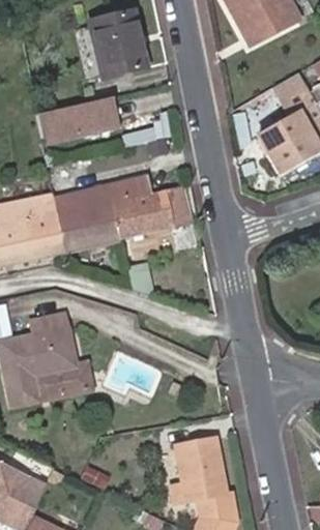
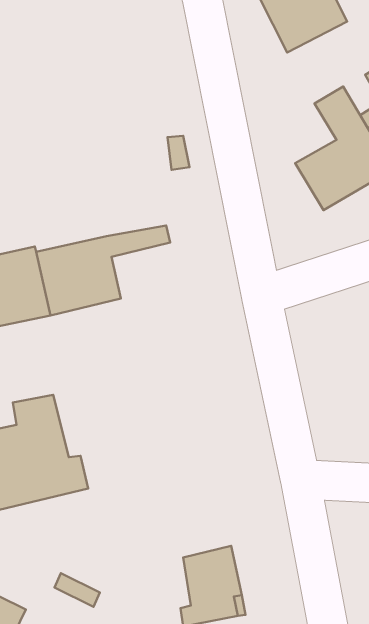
building: [90,17,144,81] -> none
building: [35,100,113,144] -> none
building: [112,189,187,239] -> none

